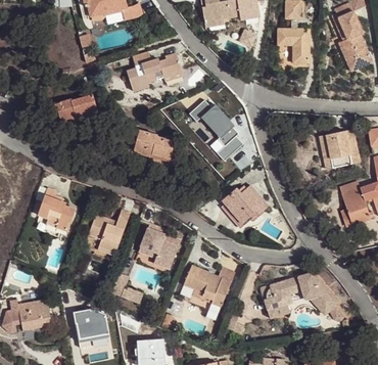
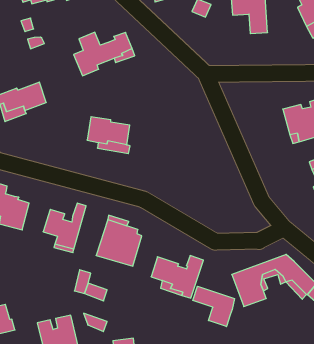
building: [189,95,243,159] -> none
building: [223,185,269,225] -> none
building: none -> [193,286,235,327]

